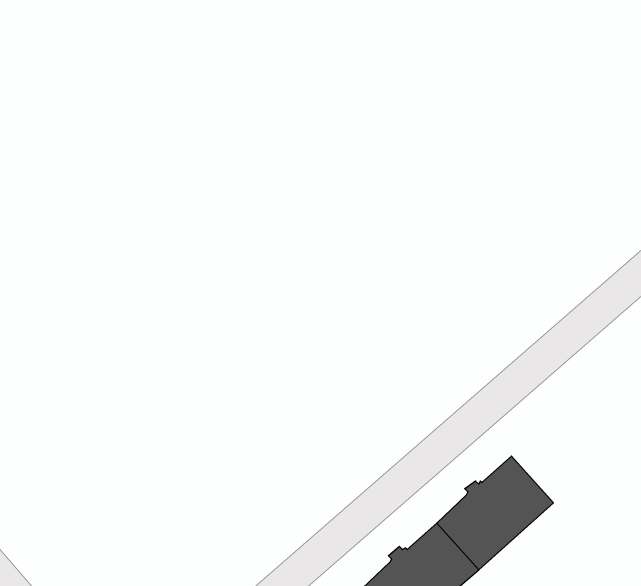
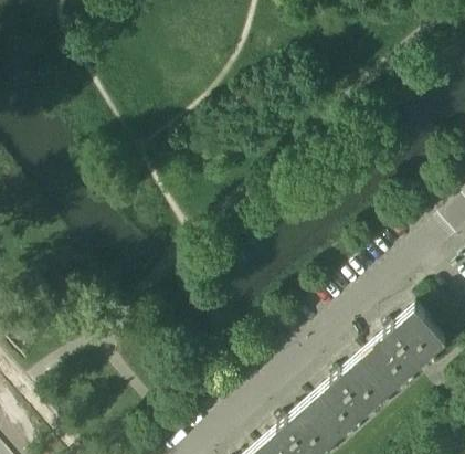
building: none -> [364,307,448,389]

